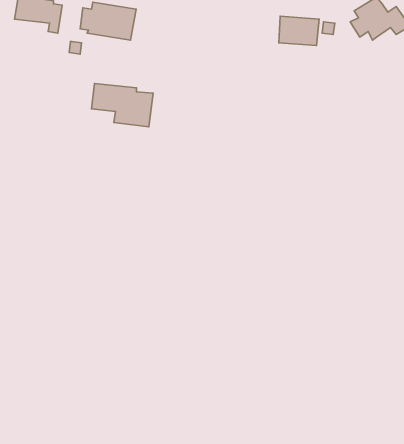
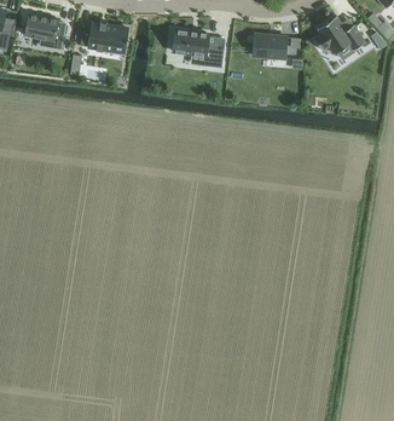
building: [92,84,153,127] -> [172,29,225,67]

